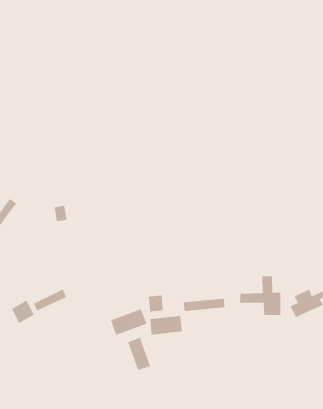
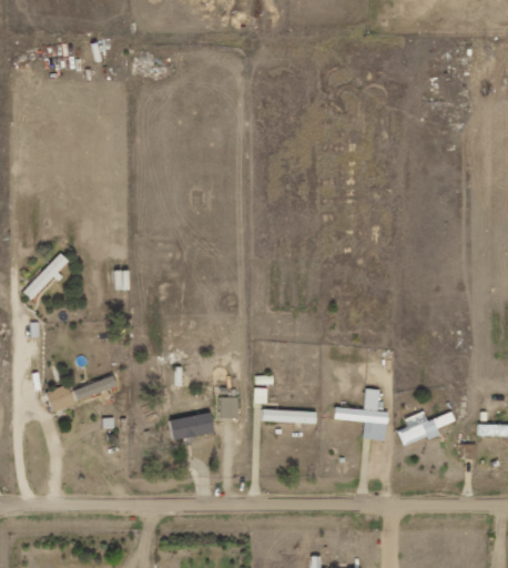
building: [150,315,183,335] -> none
building: [127,337,151,371] -> none

